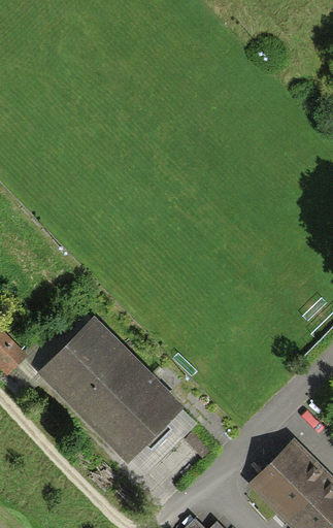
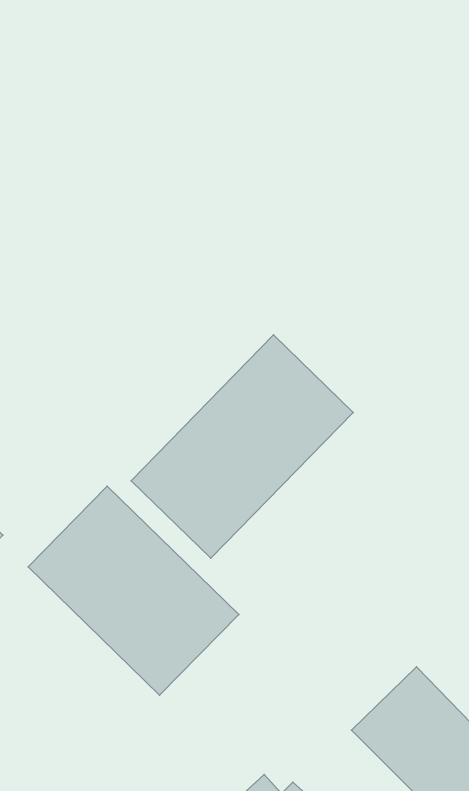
building: none -> [131,335,353,558]

